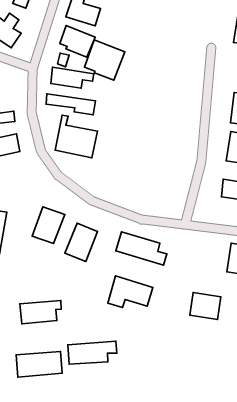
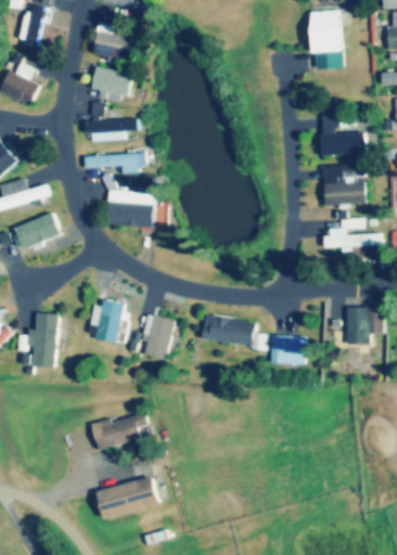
building: [84,40,125,80] -> none
building: [108,276,153,308] -> none
building: [190,293,221,320] -> [271,335,307,364]
building: [68,341,117,364] -> none

